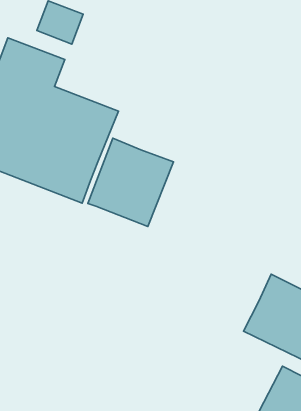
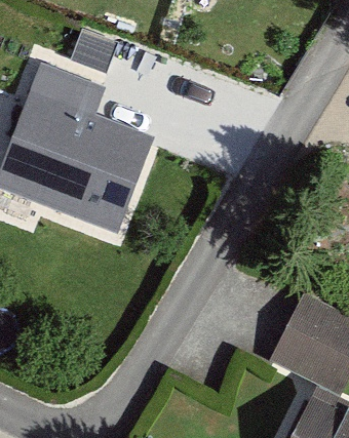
building: [88,138,173,227] -> none

